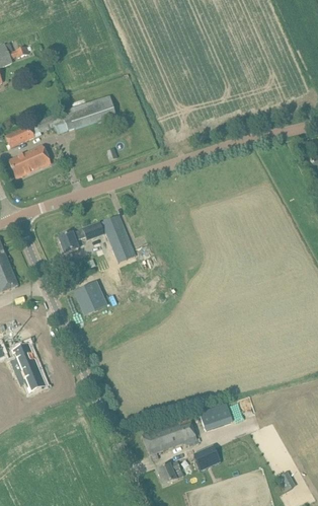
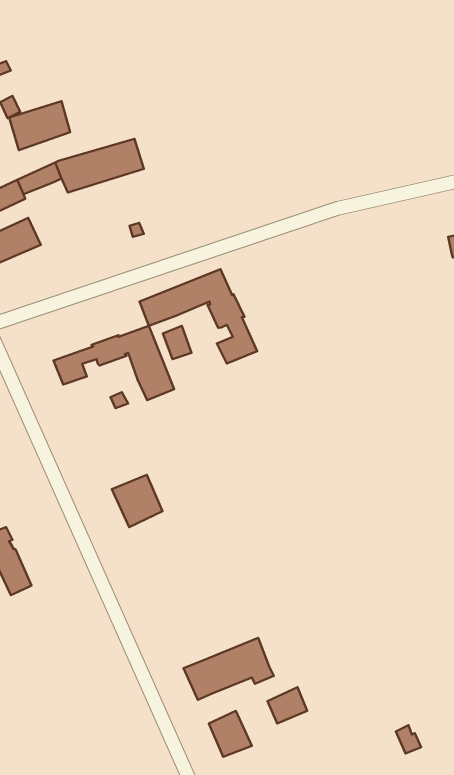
building: none -> [9,101,70,150]
building: none -> [139,269,257,363]
building: [74,281,106,314] -> [112,475,163,527]
building: [201,404,232,429] -> none

